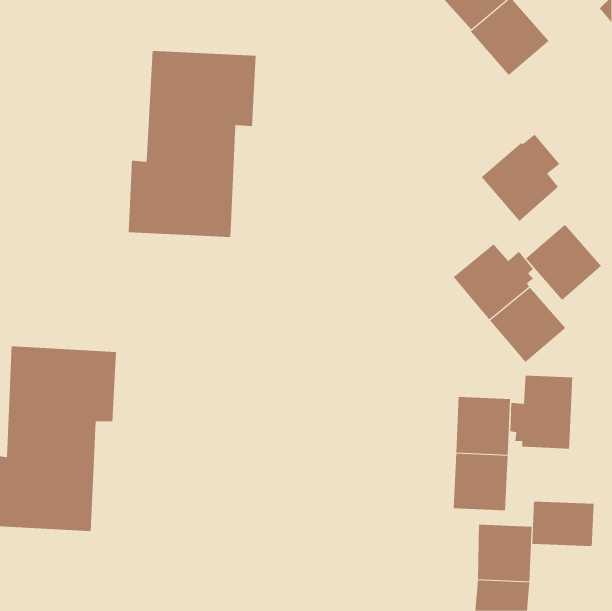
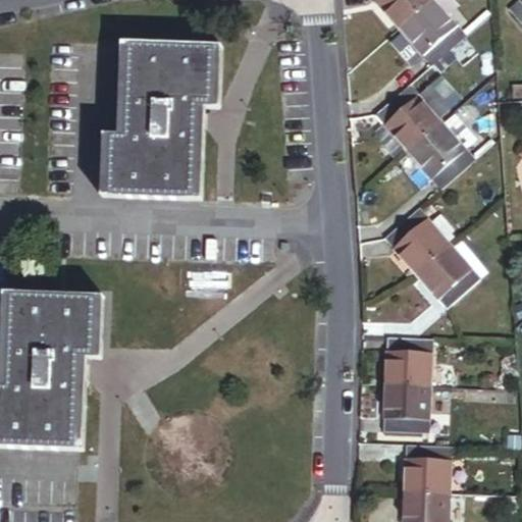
building: none -> [375,76,455,150]
building: [525,224,602,301] -> none
building: [510,375,573,449] -> none
building: [532,501,594,547] -> none

